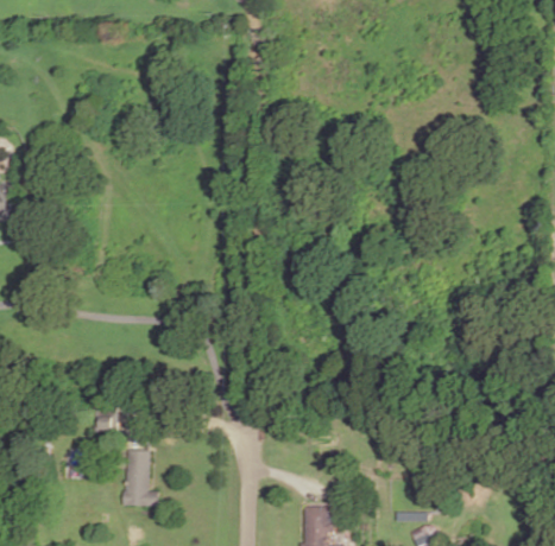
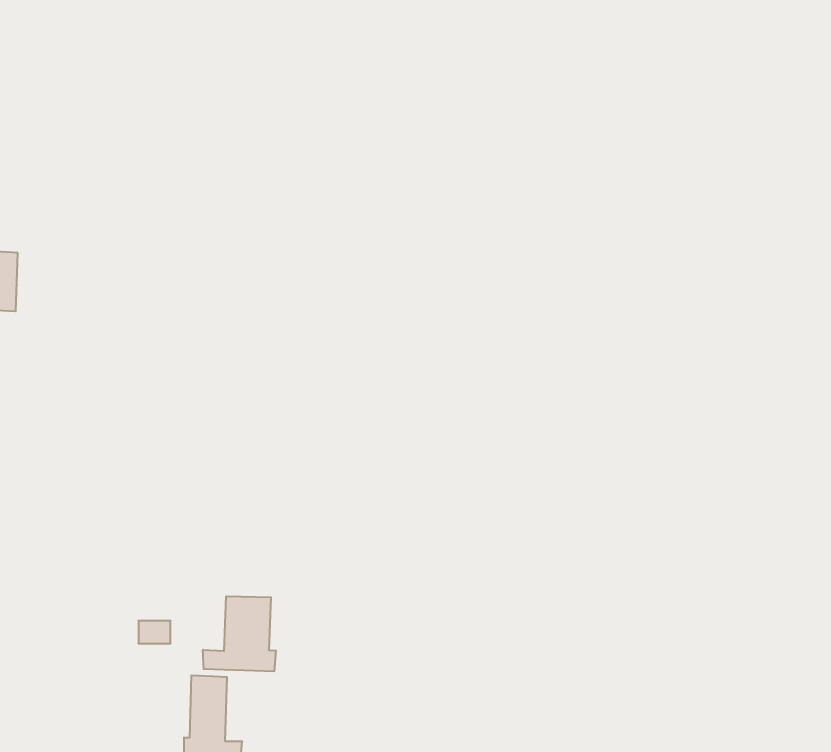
building: none -> [203,596,276,671]

